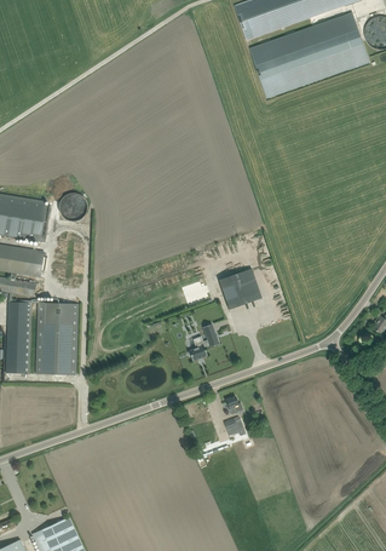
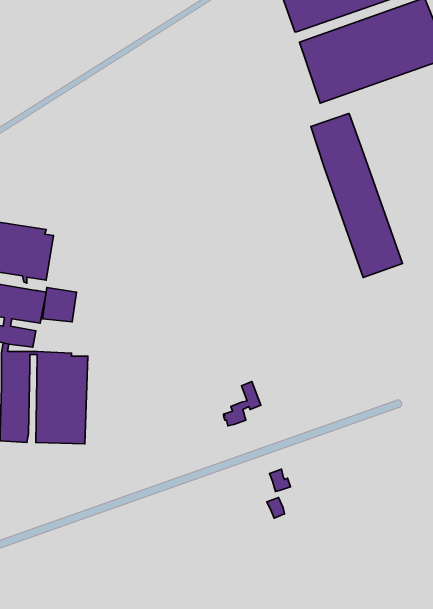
building: none -> [311,113,402,278]
building: [58,191,86,219] -> [42,288,77,322]
building: [218,268,261,309] -> none

